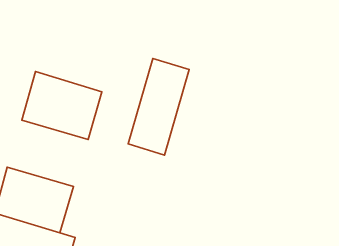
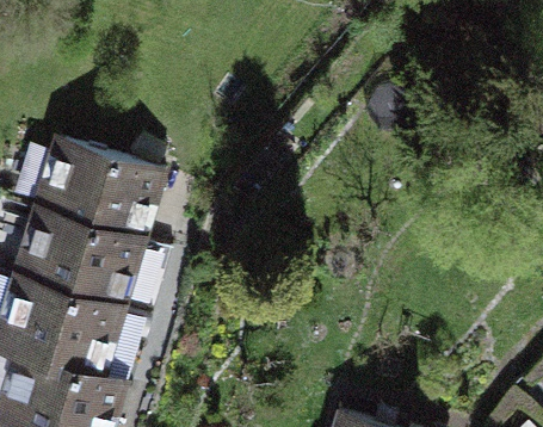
building: [128,59,189,155] -> none
building: none -> [16,210,135,308]

